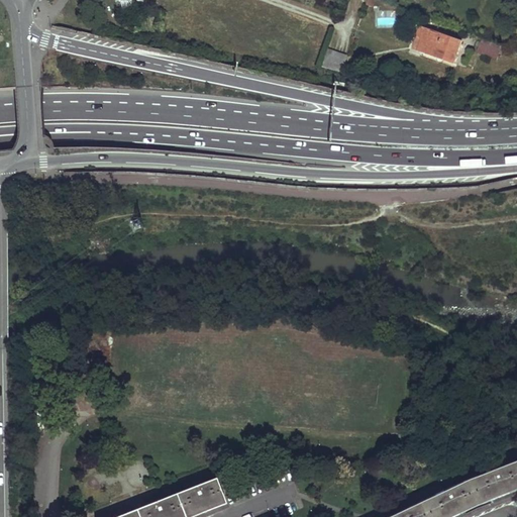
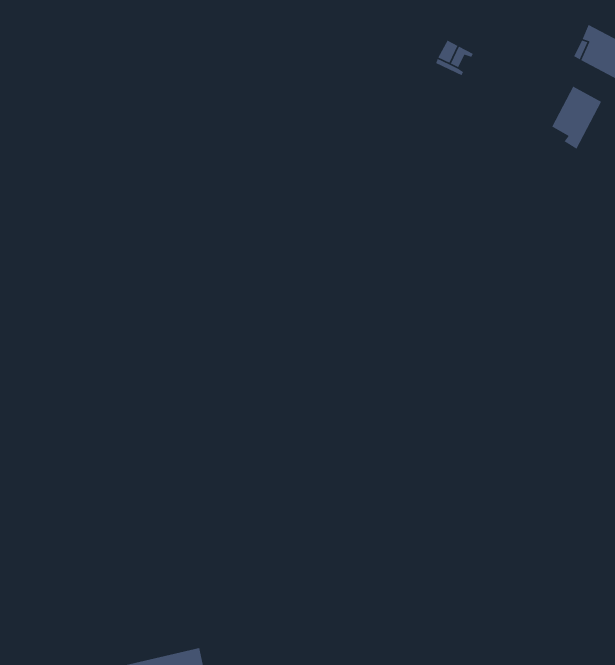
building: none -> [551,85,602,150]

